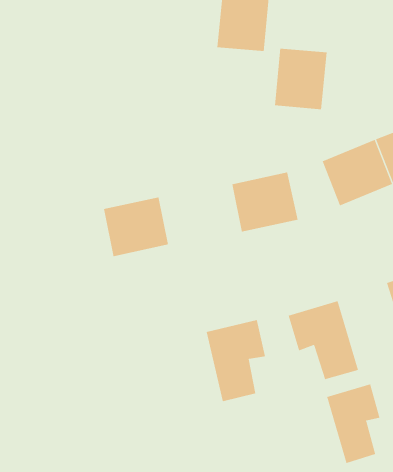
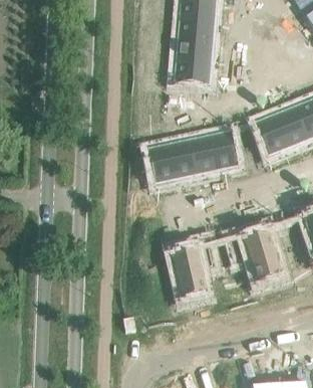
building: [274,48,327,110] -> [174,39,213,84]
building: [103,197,169,257] -> [147,140,196,184]
building: [326,384,380,464] -> none

